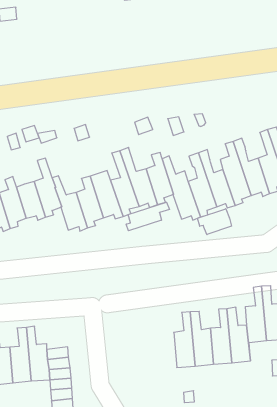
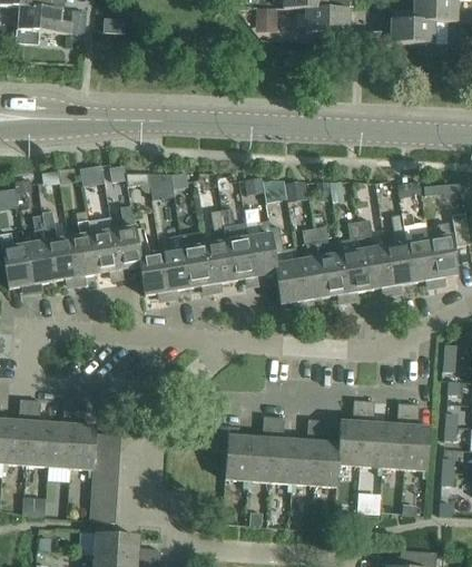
building: [126,202,169,231] -> none
building: [197,209,232,235] -> none
building: none -> [217,426,250,480]

